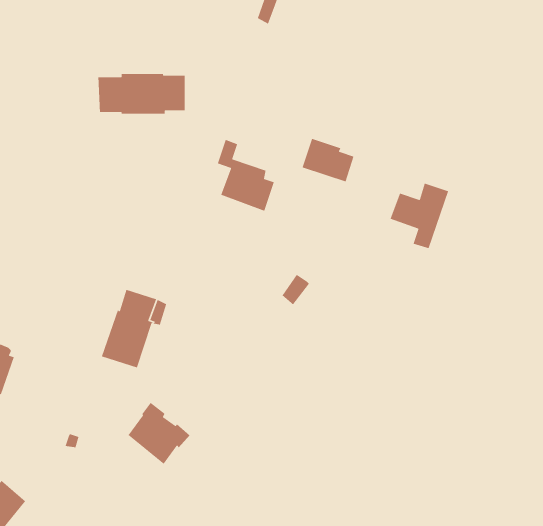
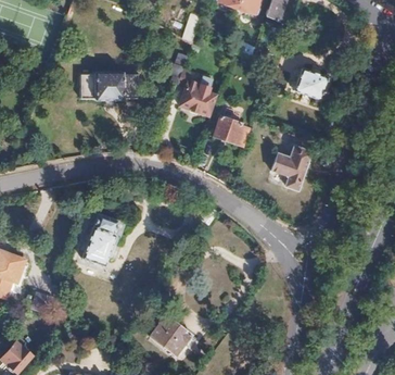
building: none -> [293,67,328,100]
building: [217,139,275,212] -> [177,67,215,115]
building: [127,402,190,465] -> [149,314,190,355]

